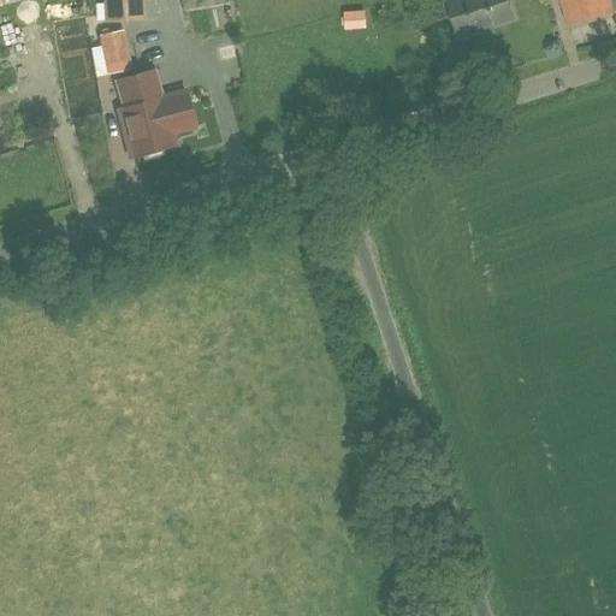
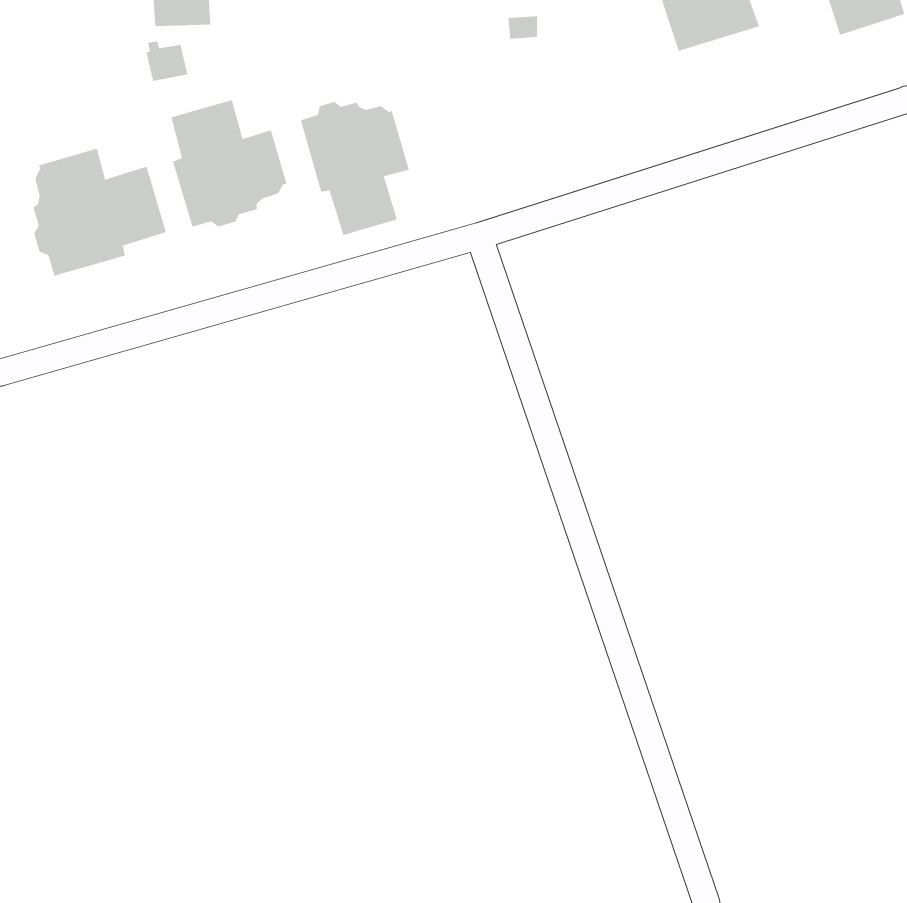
building: none -> [300,101,410,236]
building: none -> [33,148,167,276]

